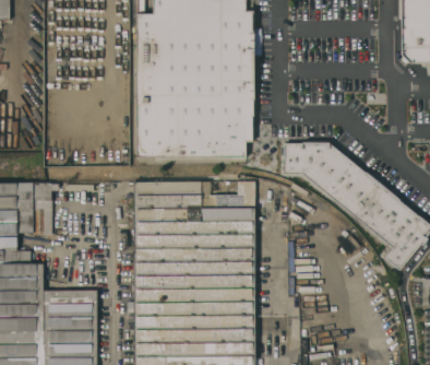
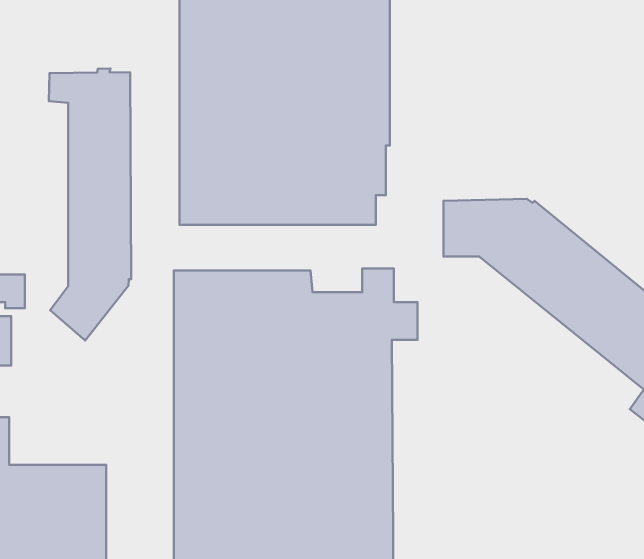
building: none -> [49,69,131,341]

